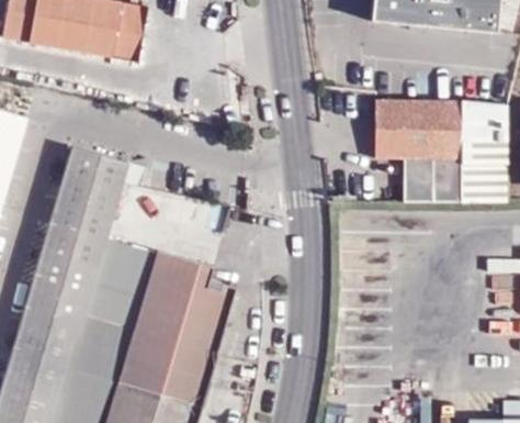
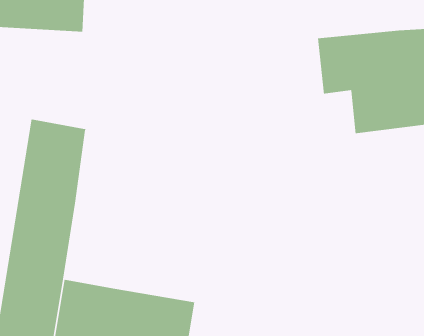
building: [84,236,236,354] -> none

